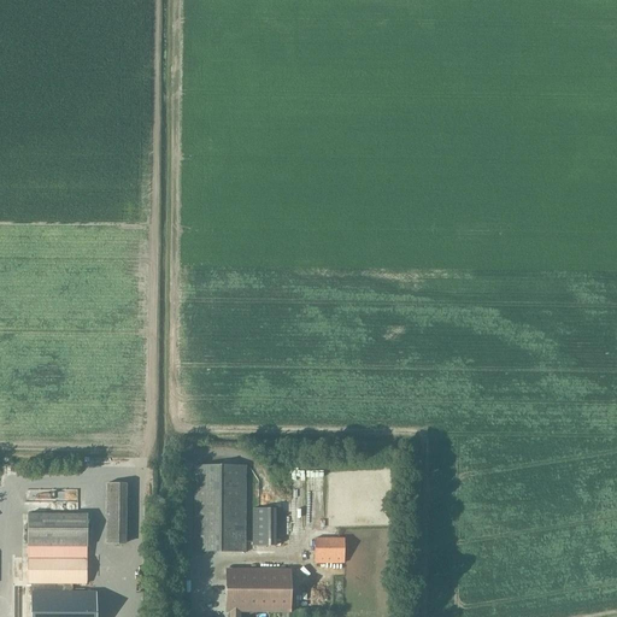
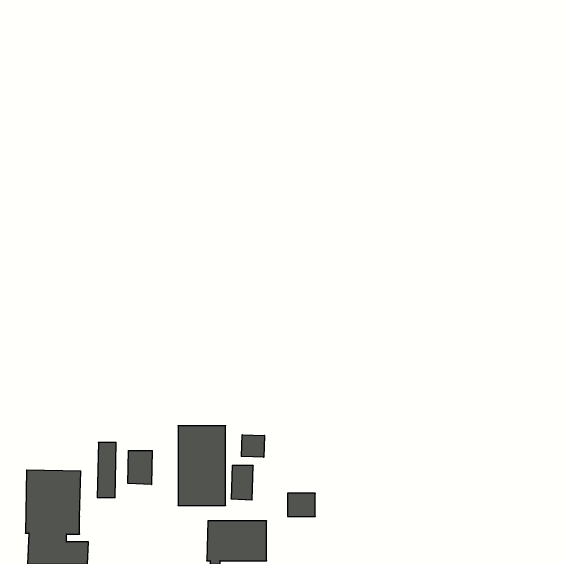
building: none -> [241,435,264,457]
building: none -> [128,451,152,485]

